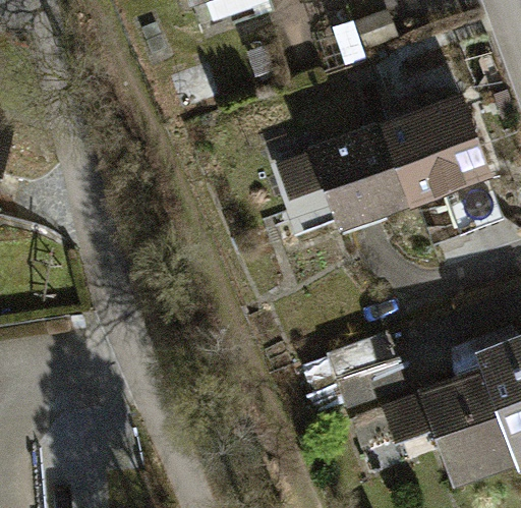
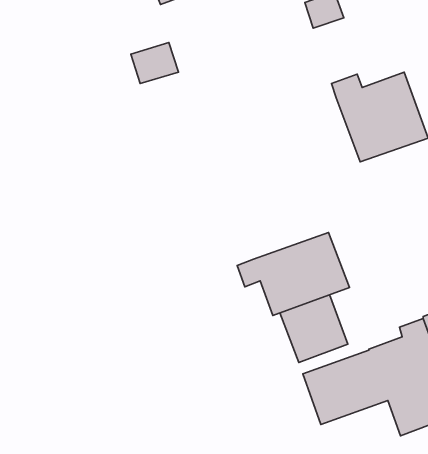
building: [282,123,416,219] -> none
building: none -> [237,232,349,315]

